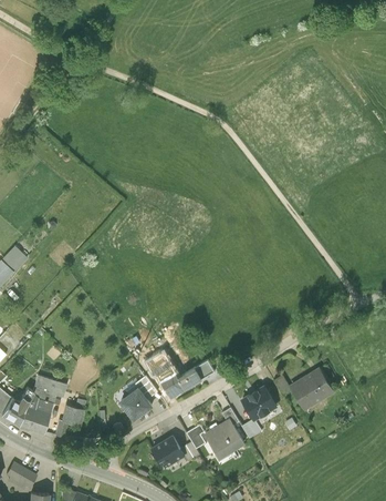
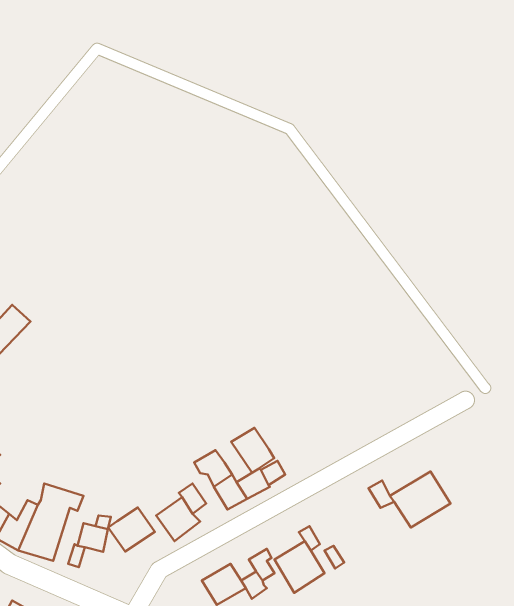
building: none -> [231,428,274,473]
building: [243,386,277,418] -> none
building: none -> [108,508,155,552]

